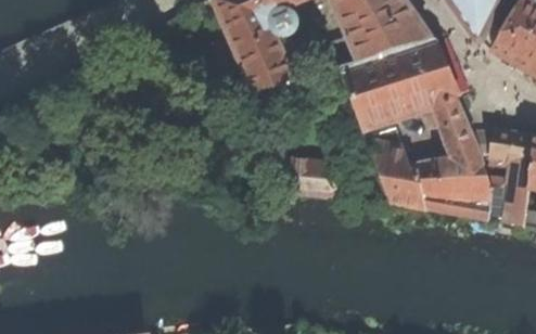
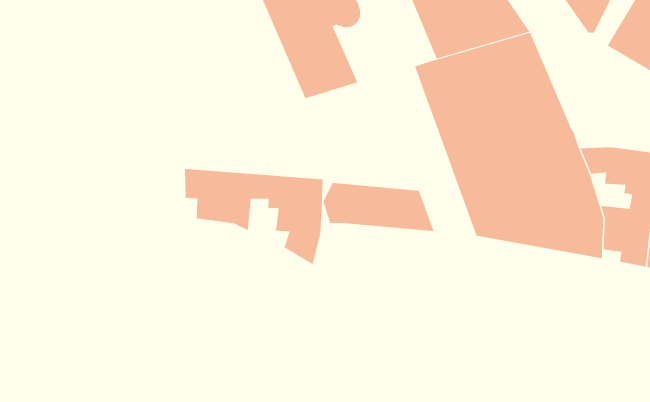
building: none -> [184,168,323,265]

